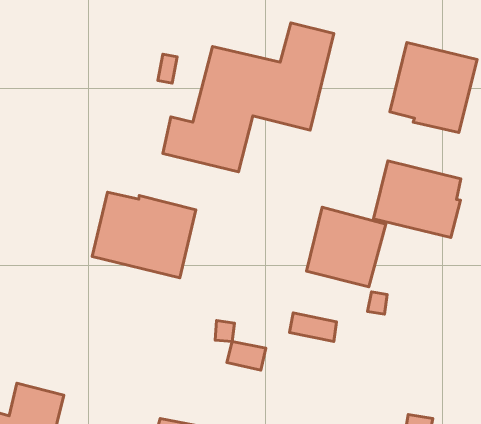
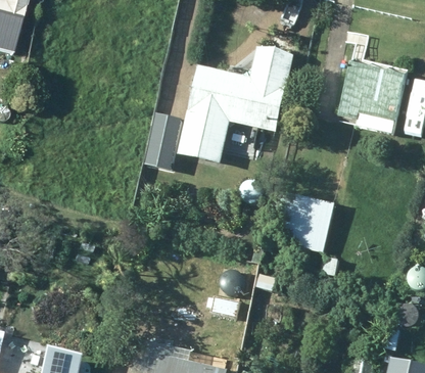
building: [374,161,461,237] -> none
building: [92,192,196,278] -> none

